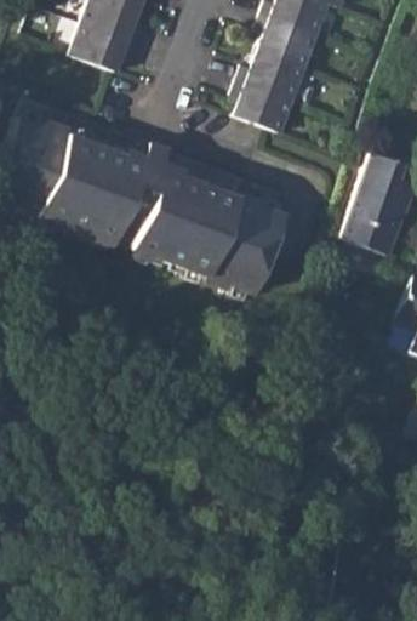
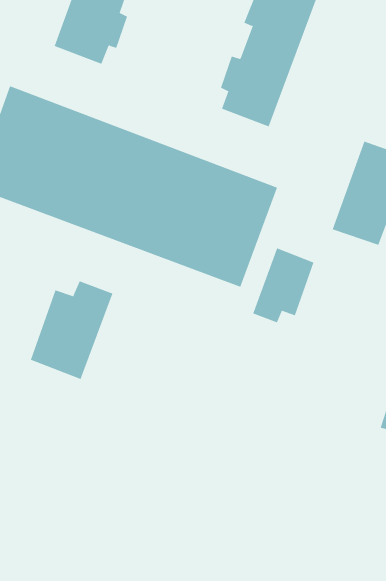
building: none -> [252,248,314,323]
building: none -> [30,281,113,380]

